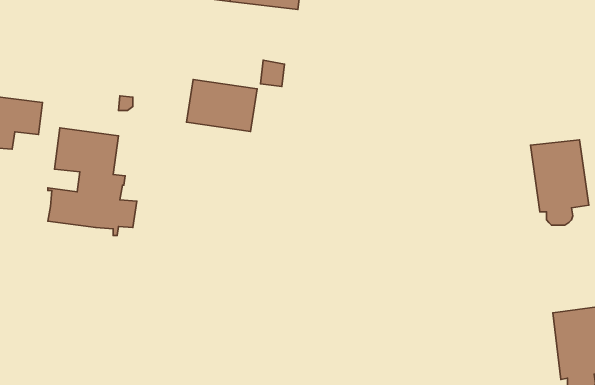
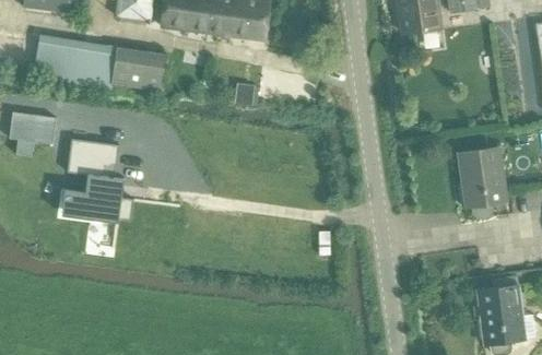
building: none -> [35,40,101,84]
building: [187,80,257,131] -> [111,49,169,92]

